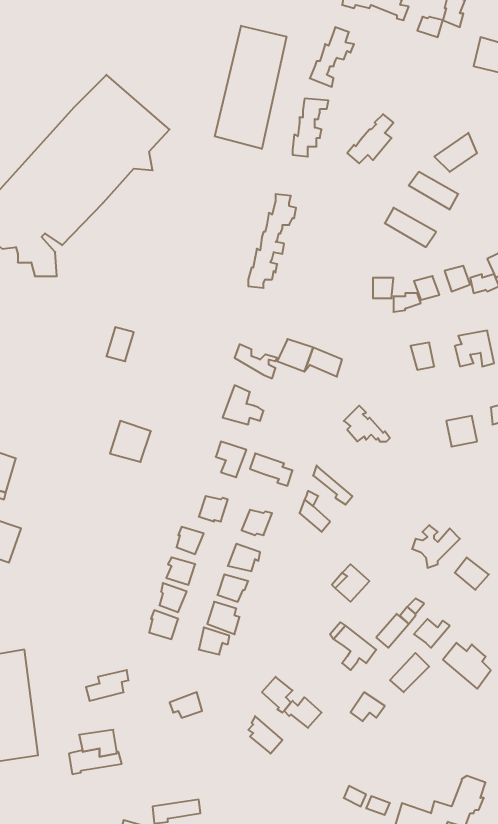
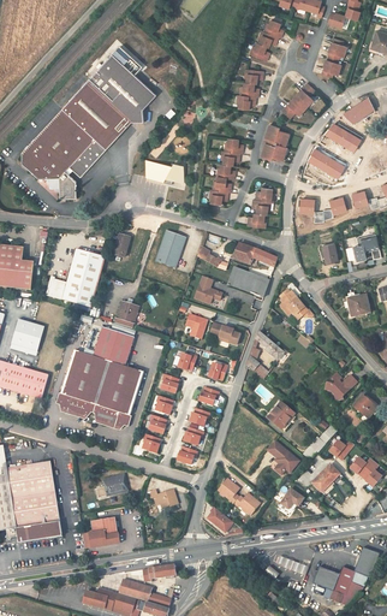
building: [215,26,287,149] -> none
building: none -> [322,40,347,79]
building: none -> [263,128,292,164]
building: none -> [143,160,181,183]
building: none -> [249,188,275,227]
building: none -> [154,230,186,267]
building: none -> [44,248,105,308]
building: none -> [226,267,268,297]
building: none -> [59,326,145,430]

